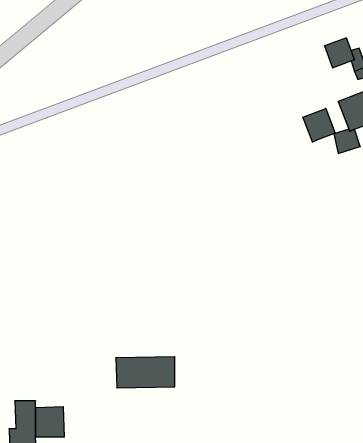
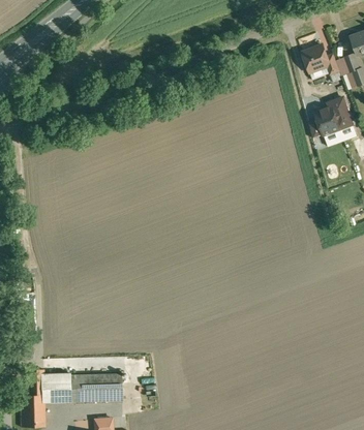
building: [303,108,335,142] -> none
building: [116,357,175,388] -> [70,374,123,402]

